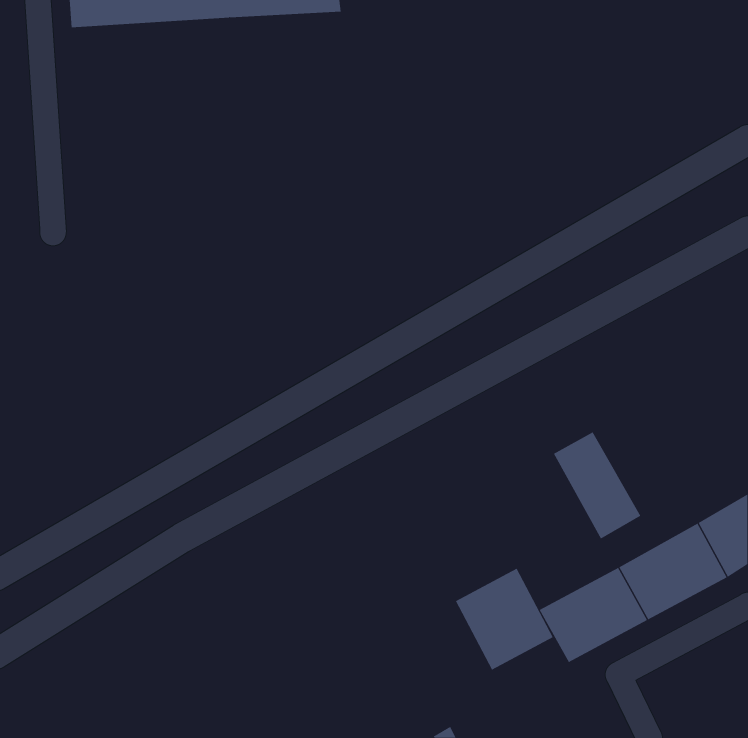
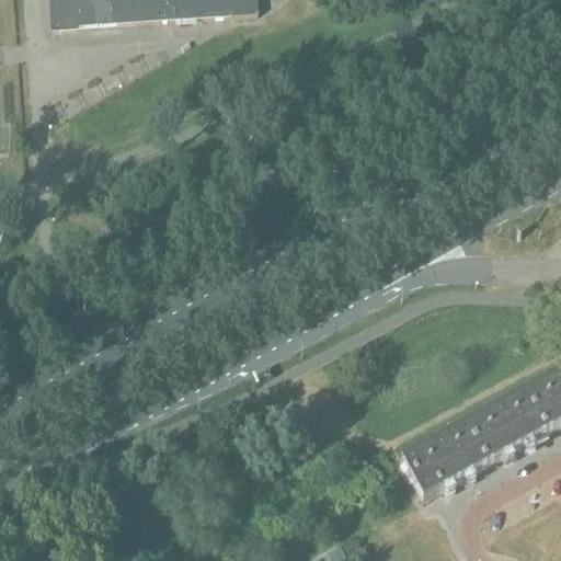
building: [553,431,641,540] -> none
building: [455,568,553,670] -> none

